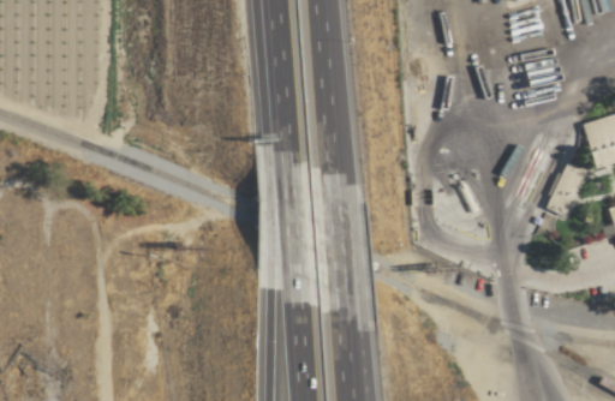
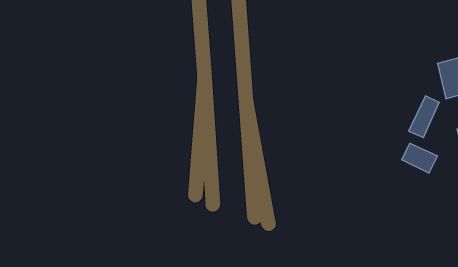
building: none -> [402,143,437,173]

